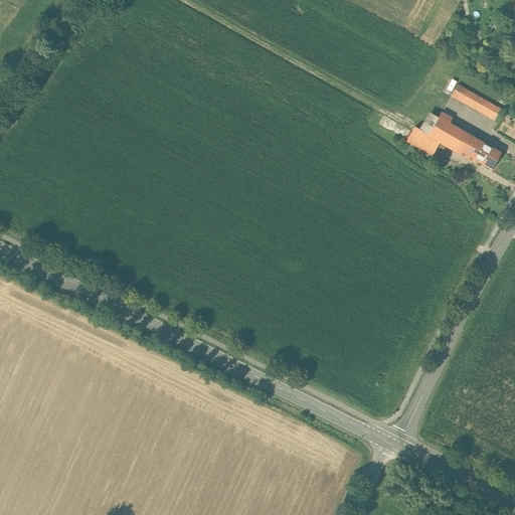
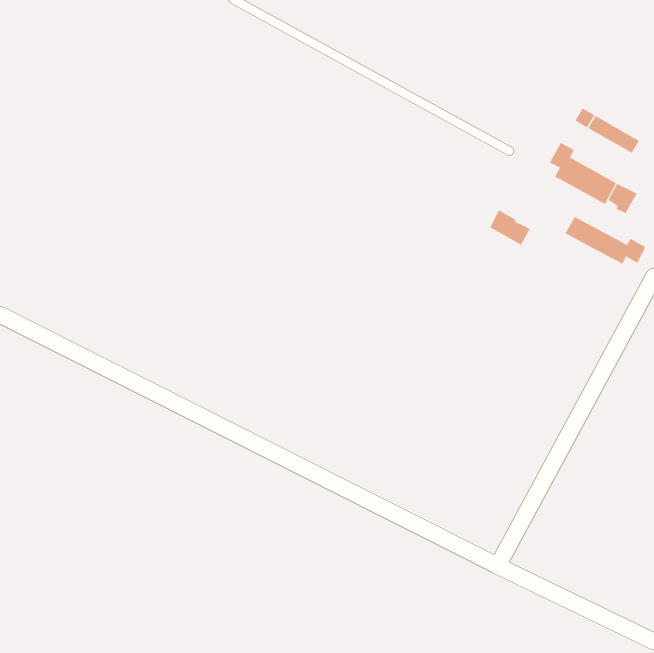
building: [407,126,440,154] -> [490,209,531,245]
building: none -> [565,216,646,265]

